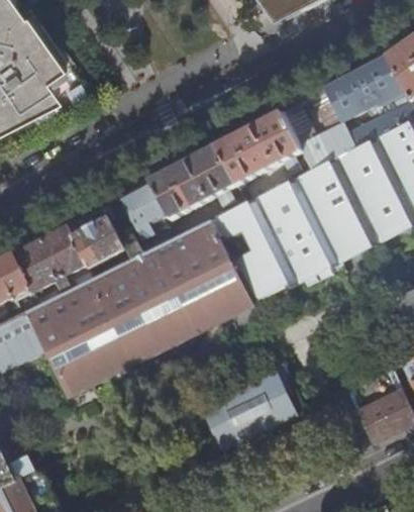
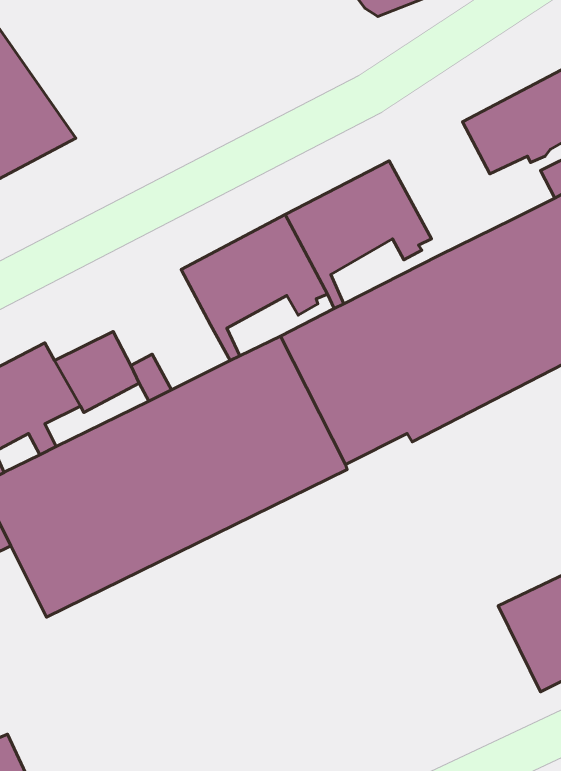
building: [280,102,356,170] -> none
building: [119,179,169,237] -> none
building: [203,369,296,444] -> none

